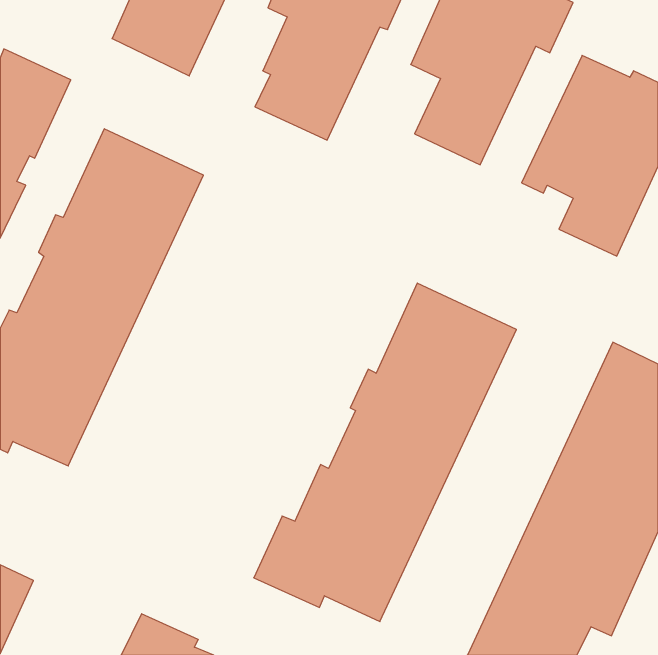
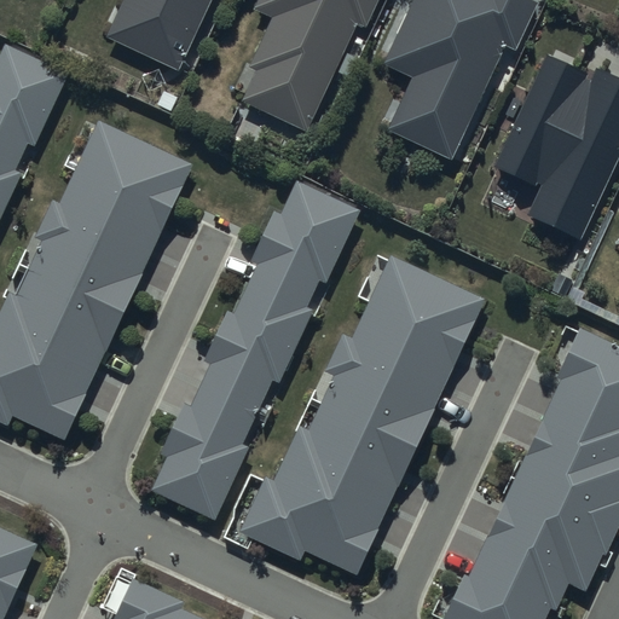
building: none -> [155,180,360,515]

